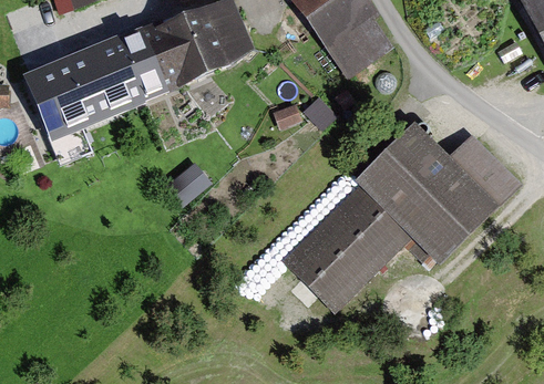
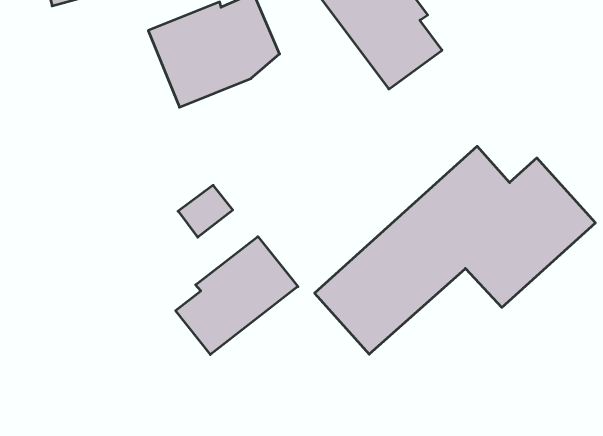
building: [20,28,166,143] -> none
building: none -> [176,237,298,355]

